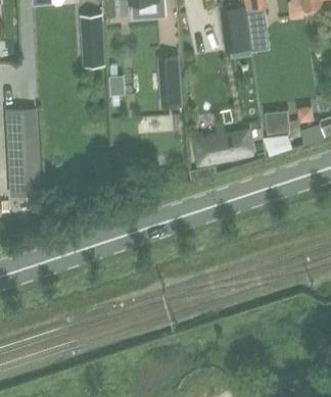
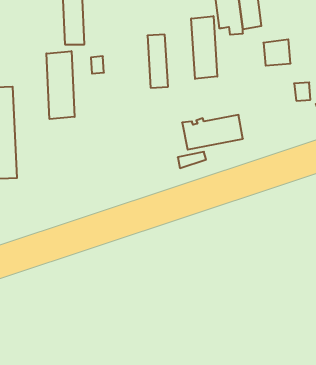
building: none -> [191,16,217,79]
building: none -> [46,51,75,119]
building: [264,110,289,135] -> [263,39,291,66]

